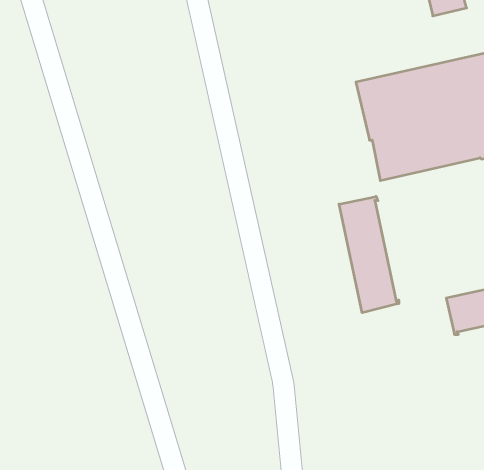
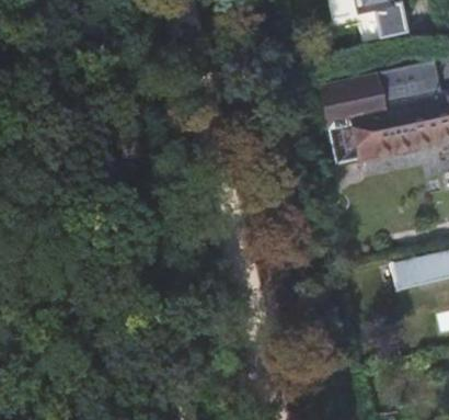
building: [339,196,399,313] -> none

